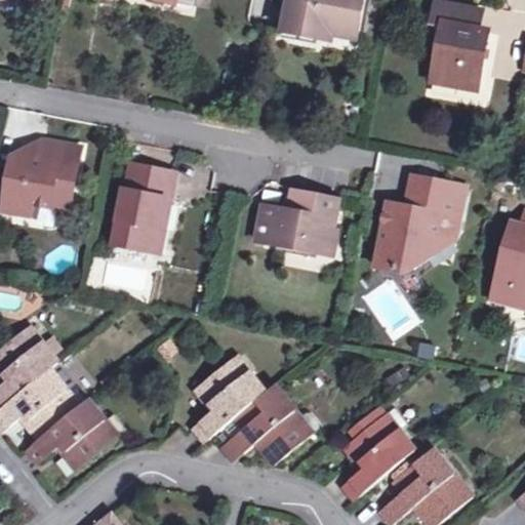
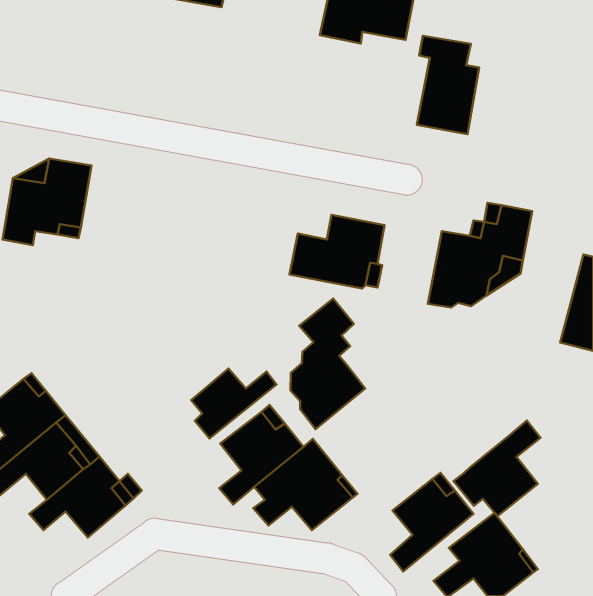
building: [431,4,485,90] -> [417,36,479,134]
building: [113,162,173,252] -> none
building: none -> [290,298,365,429]
building: none -> [191,368,276,439]
building: none -> [453,421,540,516]

